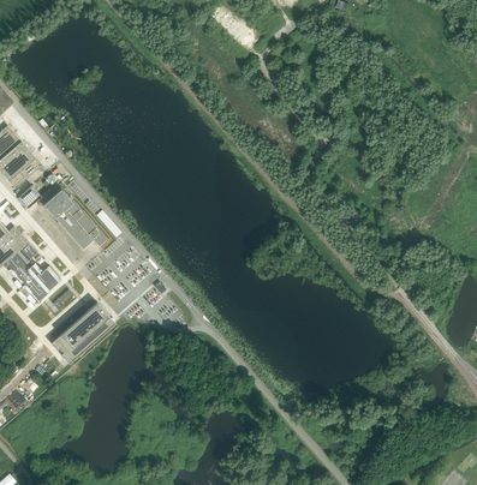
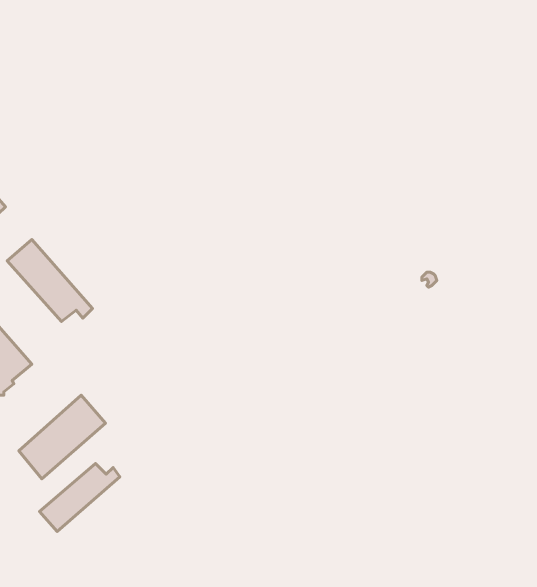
building: none -> [39,463,120,531]

